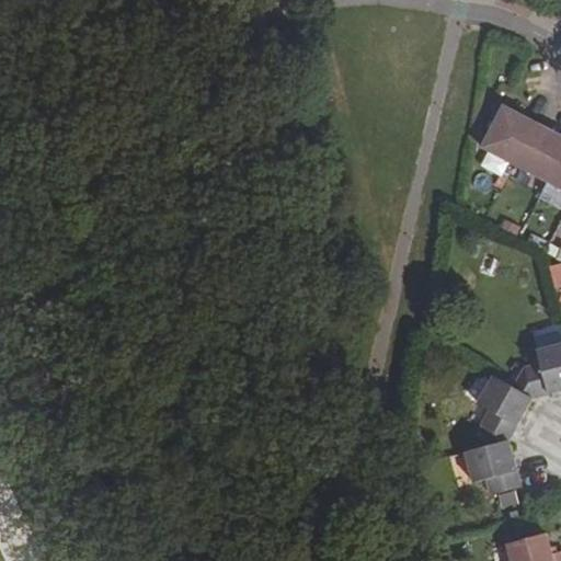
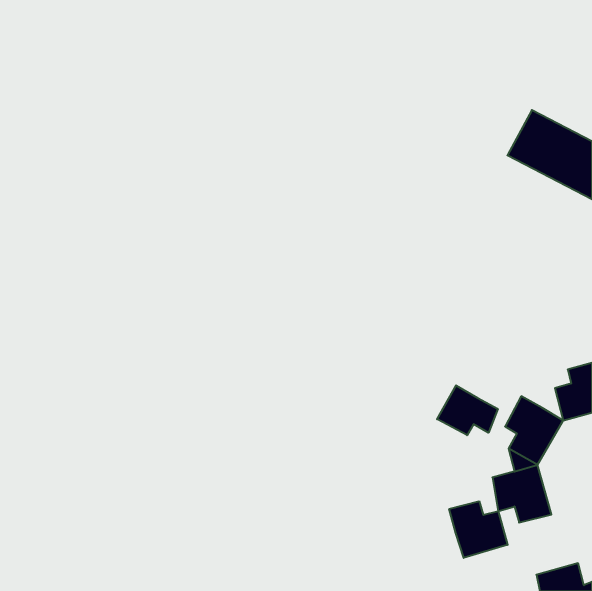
building: none -> [437,385,498,435]
building: none -> [449,501,508,558]

